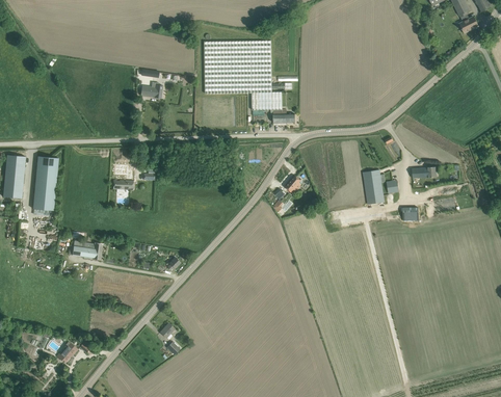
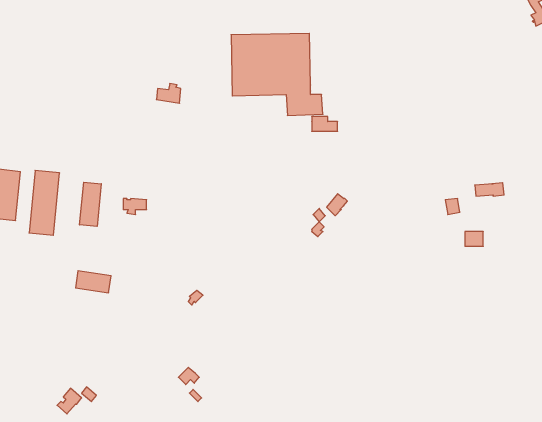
building: none -> [80,182,101,226]
building: [362,169,384,204] -> none

